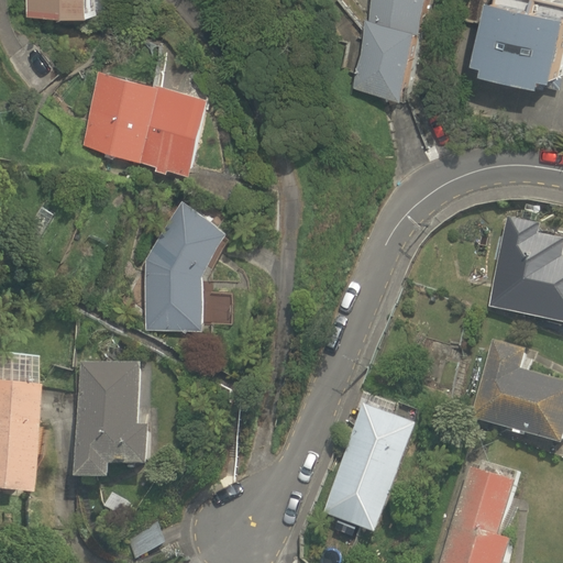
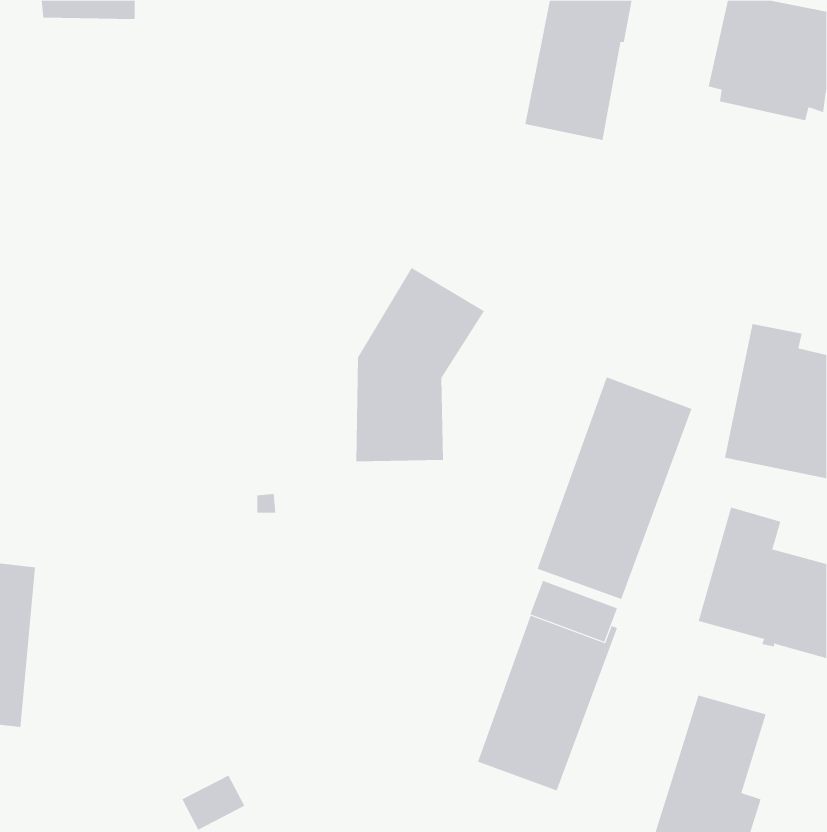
building: [80,71,209,173] -> none
building: [144,199,231,330] -> [356,267,485,462]
building: none -> [537,377,692,600]
building: [76,364,150,478] -> none

